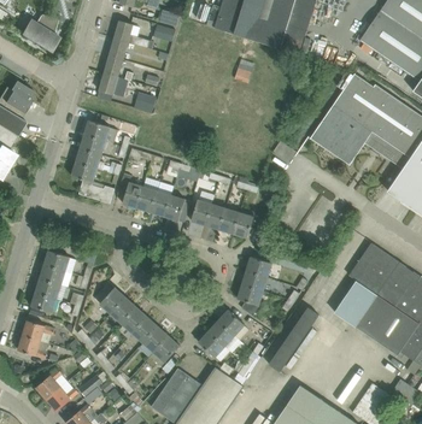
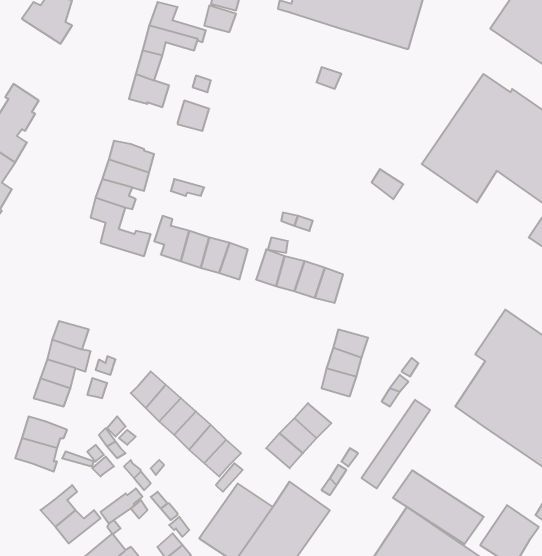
building: none -> [393,470,484,544]

